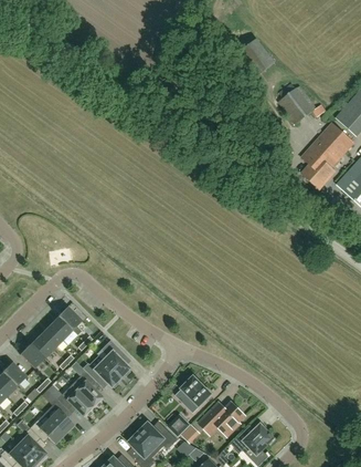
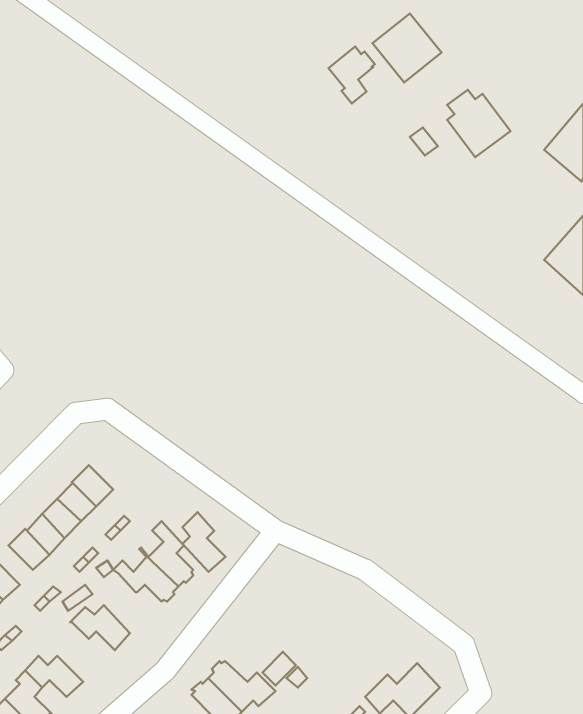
building: none -> [329,47,375,104]
building: [302,122,354,188] -> none
building: [76,370,102,405] -> [182,512,225,572]
building: [181,375,212,412] -> none
building: [49,398,73,434] -> none
building: [199,402,244,435] -> none

